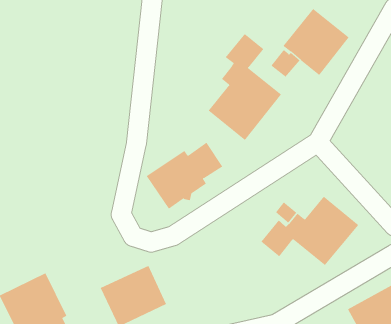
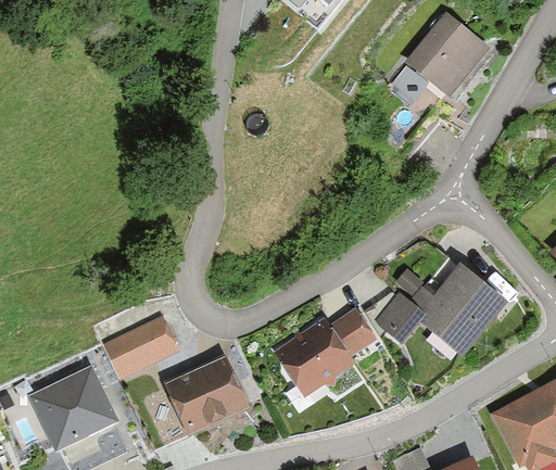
building: [208,33,282,141] -> none
building: [146,142,223,210] -> [274,307,377,397]
building: none -> [102,316,179,381]

